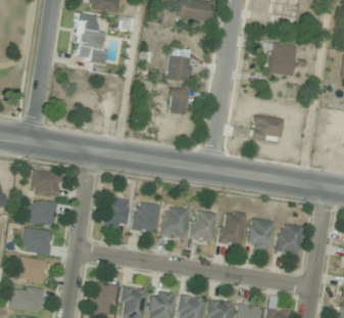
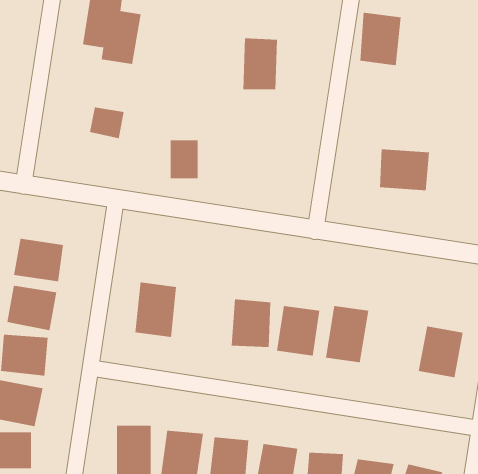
building: [269,43,295,76] -> [359,12,402,66]
building: [170,89,188,112] -> [170,140,199,179]
building: [135,202,157,231] -> none
building: [249,219,273,248] -> none

